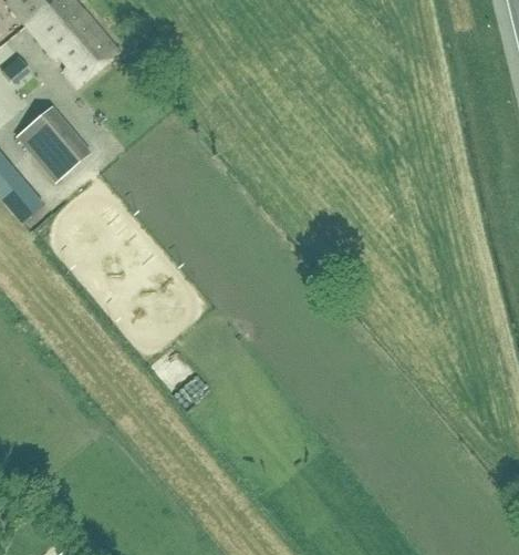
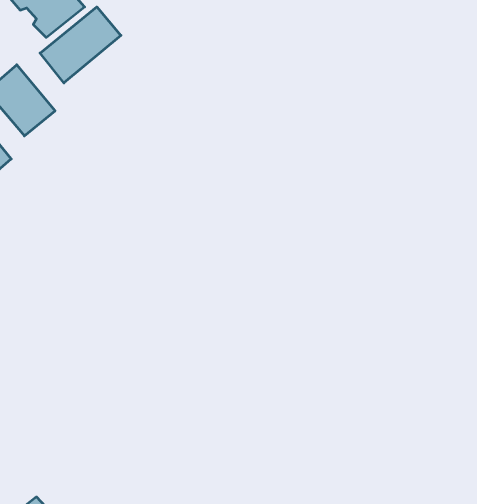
building: none -> [40,7,121,83]

